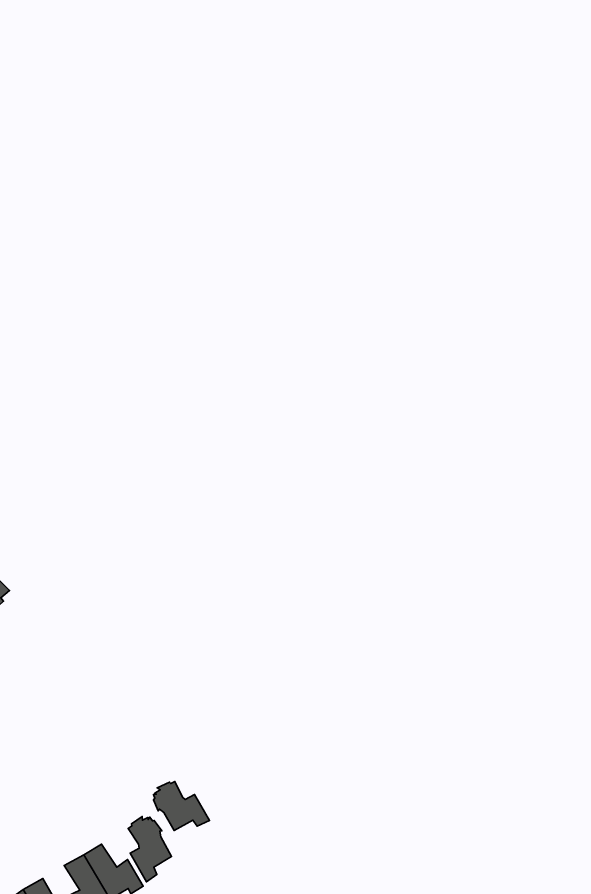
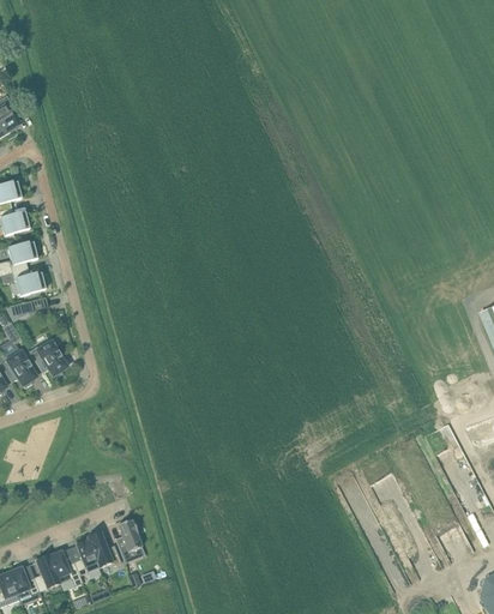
building: [153,782,209,830] -> none

